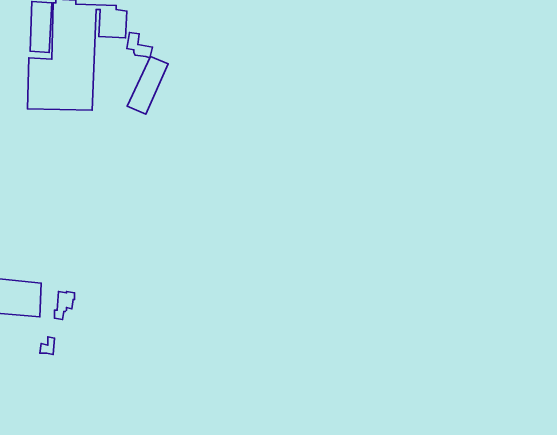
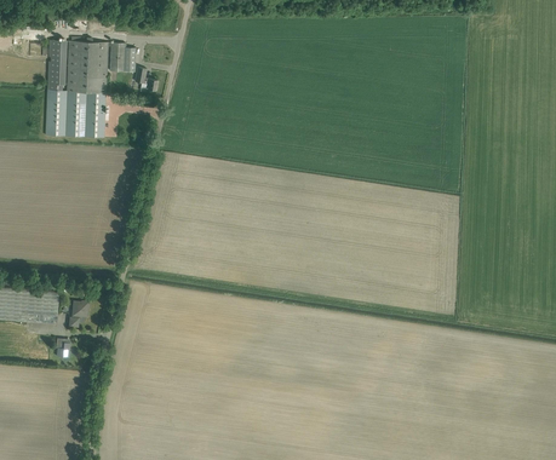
building: [127,57,168,114] -> none

